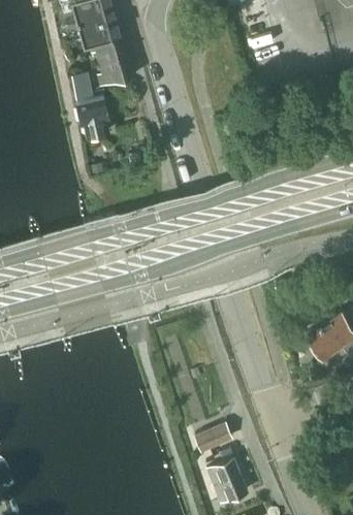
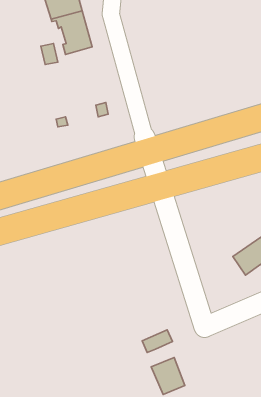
building: [75,99,107,137] -> none

